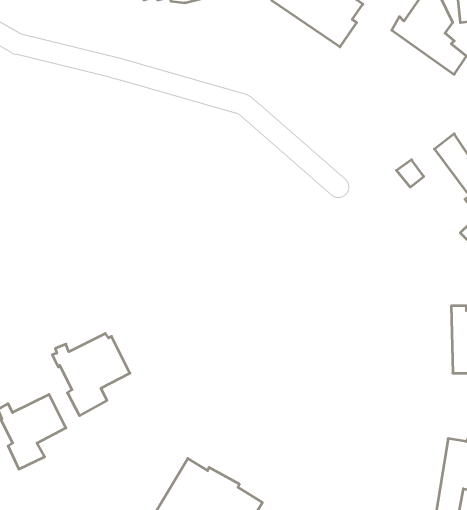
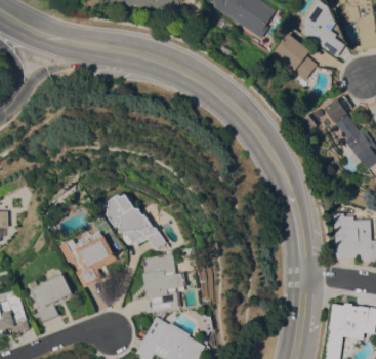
building: none -> [271,34,316,79]
building: none -> [110,195,167,249]
building: none -> [143,250,187,312]

